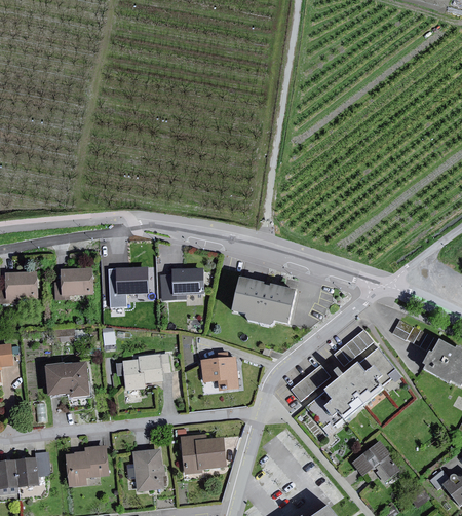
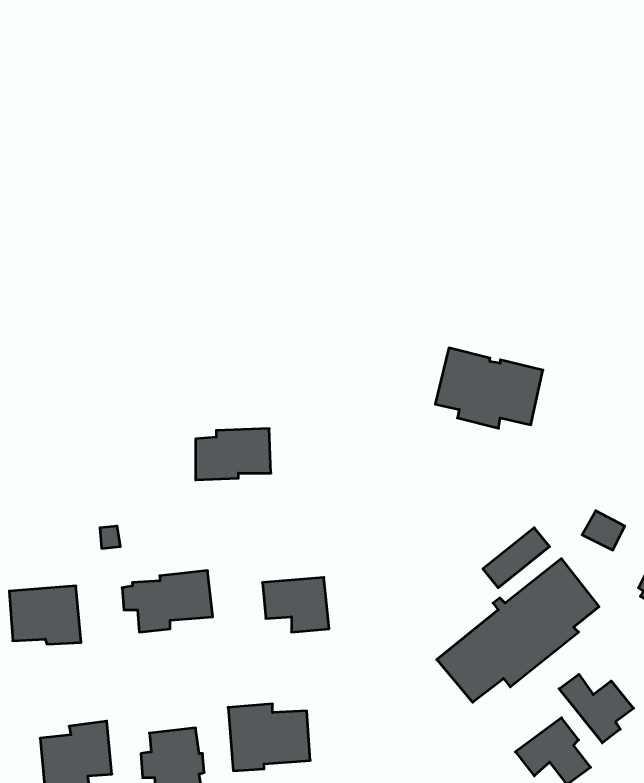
building: [104,266,149,297] -> none
building: [53,268,94,298] -> none
building: [230,275,295,324] -> [435,348,543,428]
building: [291,363,331,400] -> none
building: none -> [559,674,634,743]

